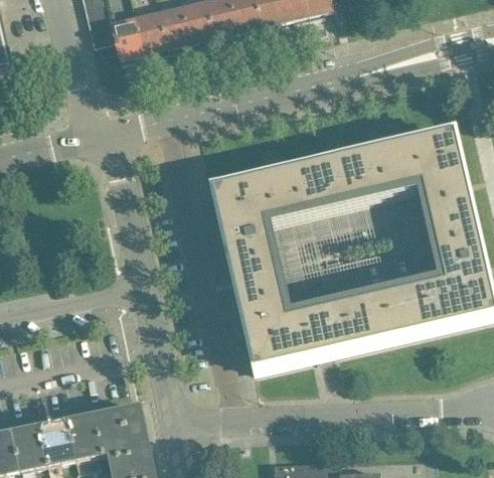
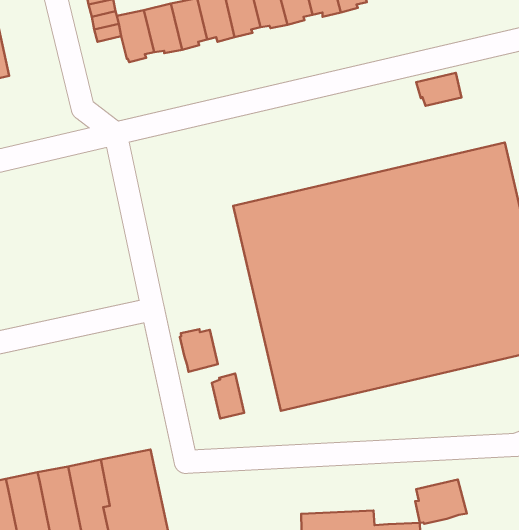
building: none -> [416,73,462,106]
building: none -> [180,329,218,372]
building: none -> [212,373,244,418]
building: none -> [415,479,467,524]

